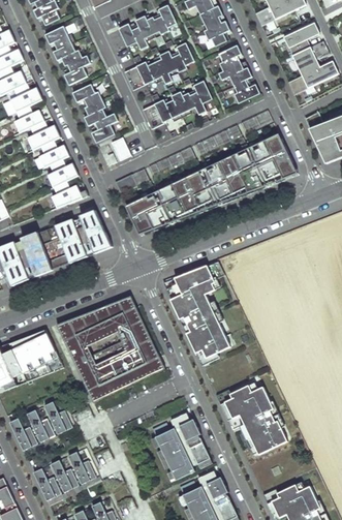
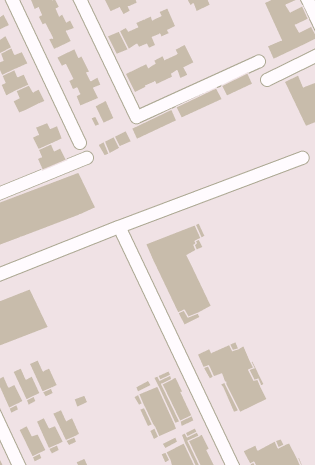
building: [217,44,259,103] -> none
building: [125,133,297,234] -> none
building: [38,141,68,167] -> none
building: [56,296,164,403] -> none

